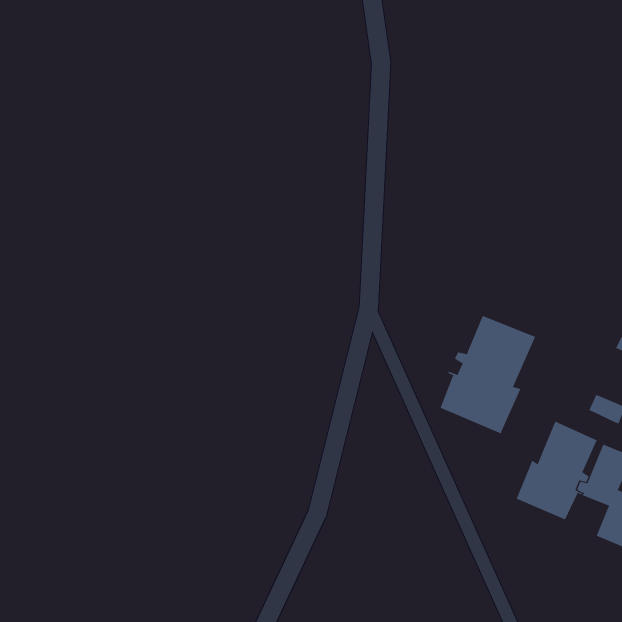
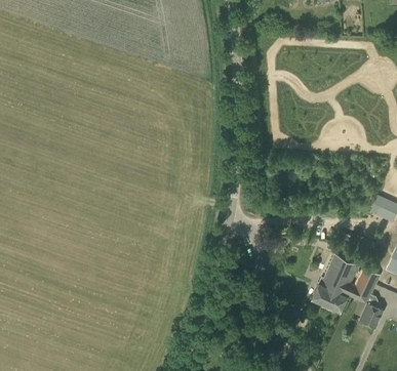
building: [440,315,536,434] -> none

